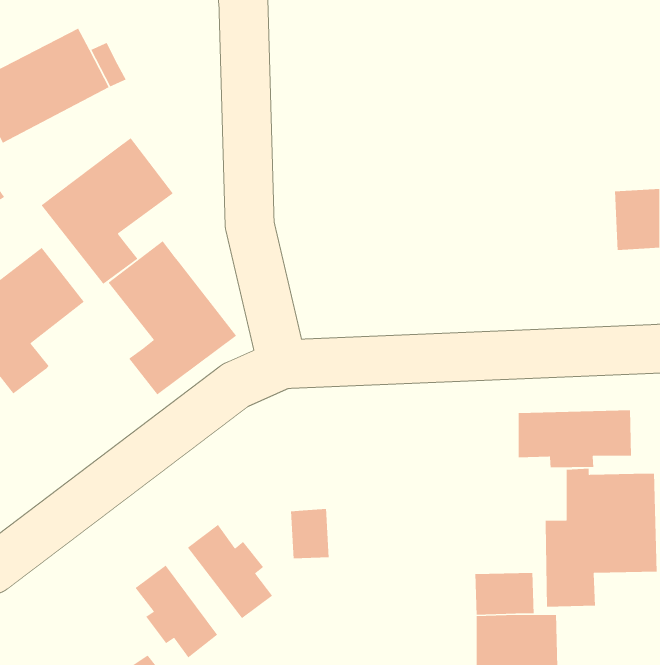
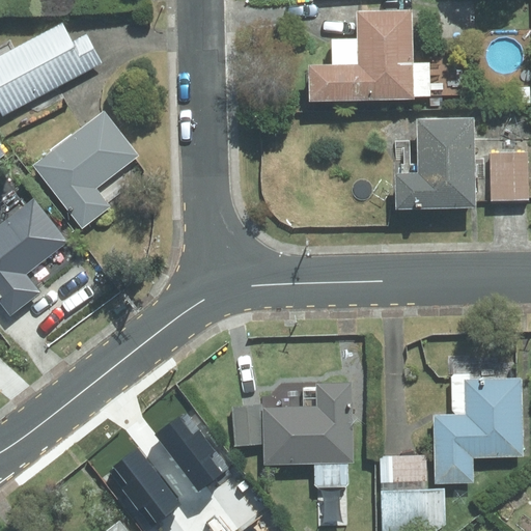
building: none -> [310,9,430,101]
building: none -> [397,116,477,208]
building: [107,240,237,395] -> none
building: [518,409,632,468] -> none
building: none -> [262,383,353,488]

